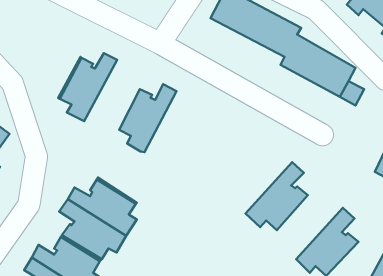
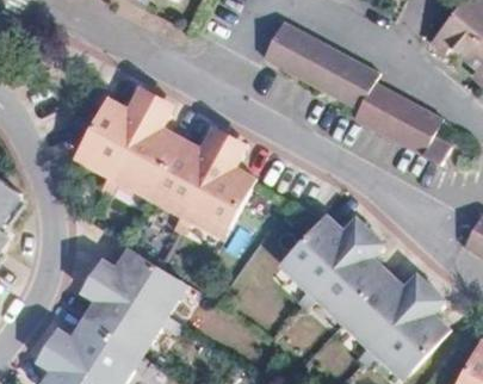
building: none -> [110,106,178,193]
building: none -> [184,144,252,231]
building: none -> [285,218,365,295]
building: none -> [346,272,427,351]

